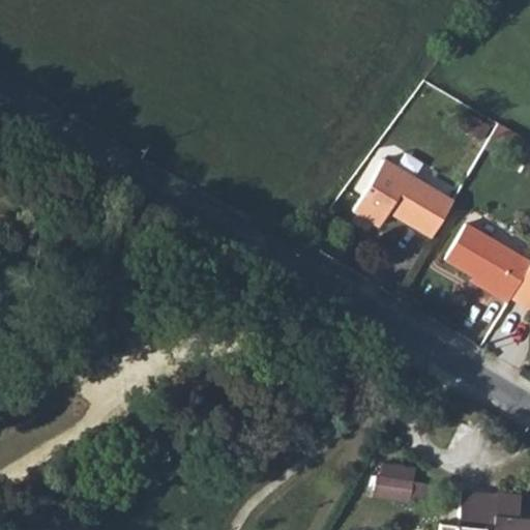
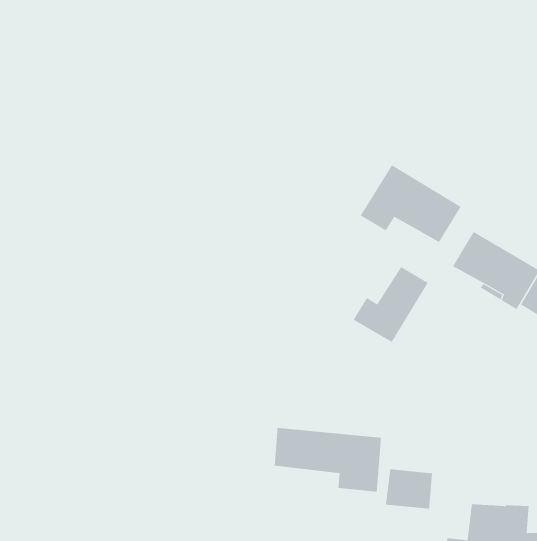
building: none -> [353,266,429,343]
building: none -> [274,427,381,492]

